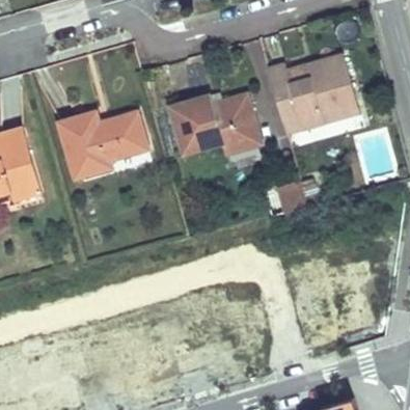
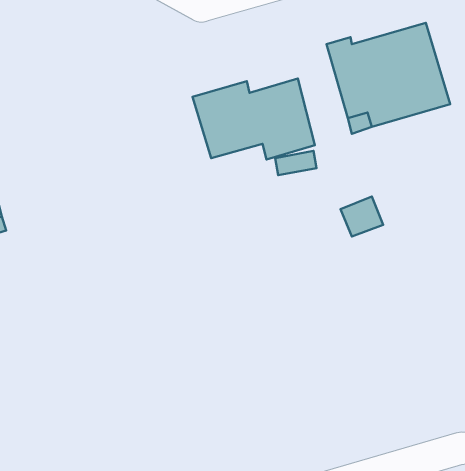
building: [61,111,149,175] -> none

